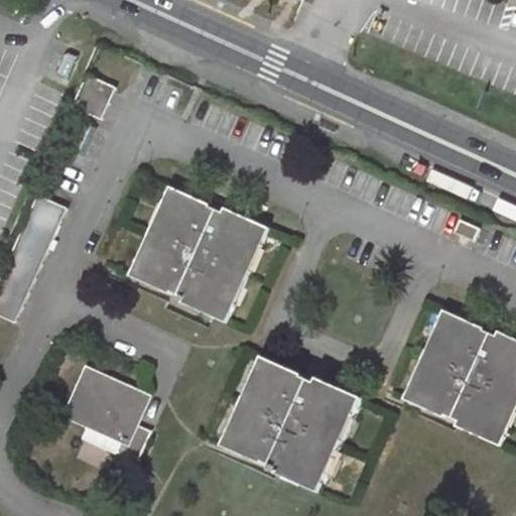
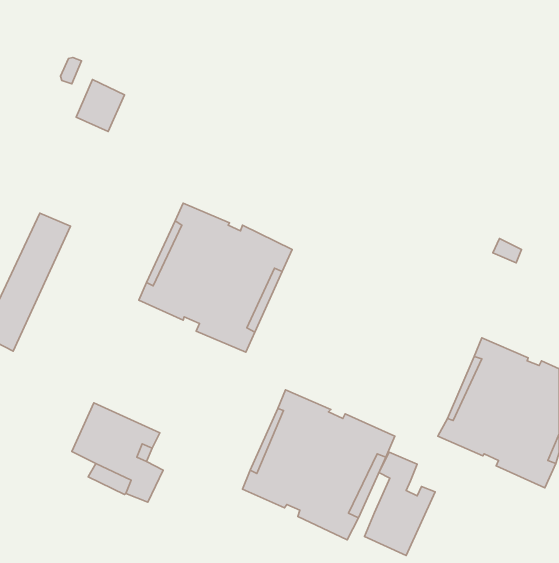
building: none -> [365,452,435,555]

